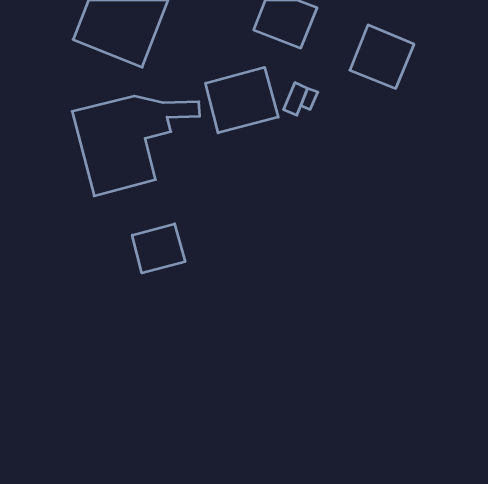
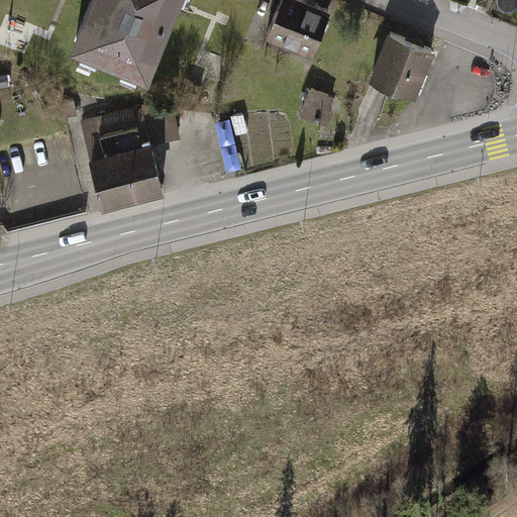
building: [206,67,278,133] -> none
building: [132,224,185,273] -> none

